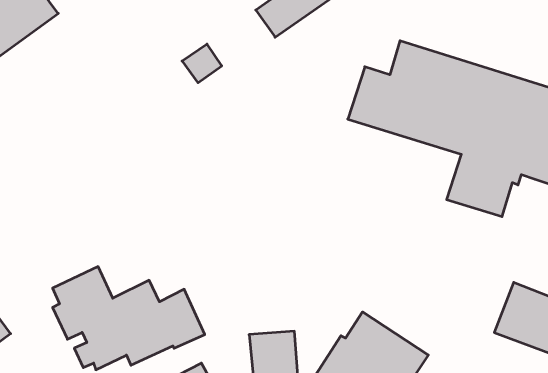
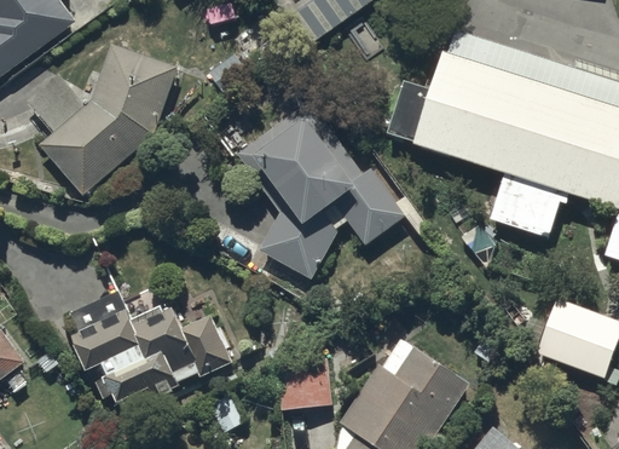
building: none -> [39,42,178,194]
building: none -> [237,100,404,278]

